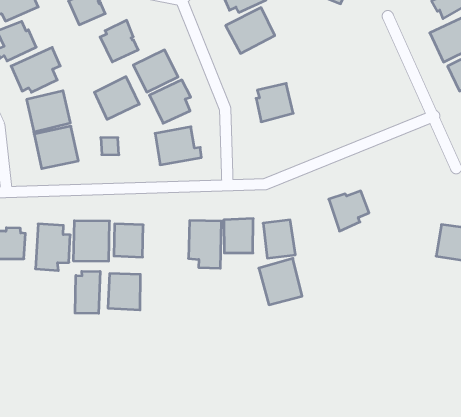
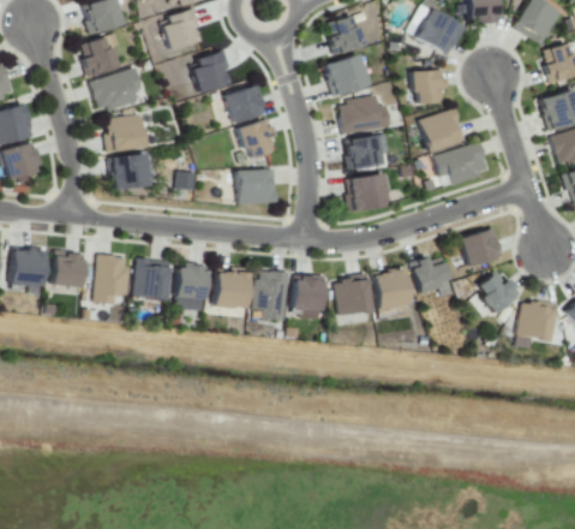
building: none -> [411,69,447,106]
building: none -> [341,96,394,135]
building: none -> [415,107,468,154]
building: [94,77,139,119] -> none
building: none -> [433,141,490,185]
building: none -> [347,173,389,214]
building: none -> [457,227,504,272]
building: none -> [478,267,521,315]
building: [259,258,302,305] -> [369,267,411,313]
building: [75,271,100,313] -> none
building: [108,274,140,310] -> [214,266,252,308]

